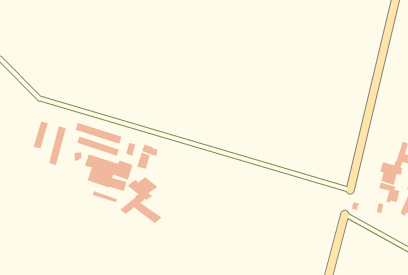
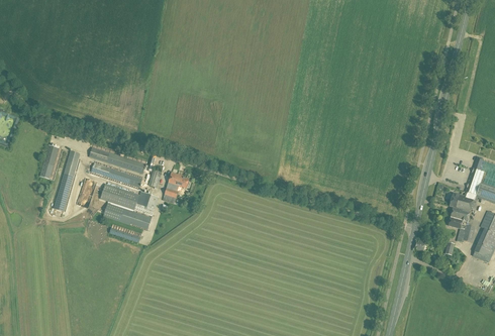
building: [119,176,163,224] -> none

